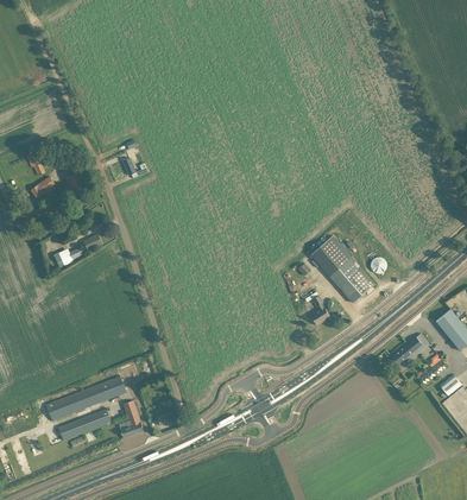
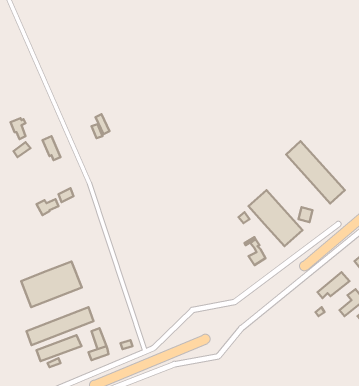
building: none -> [286,141,345,204]
building: none -> [21,262,82,307]

